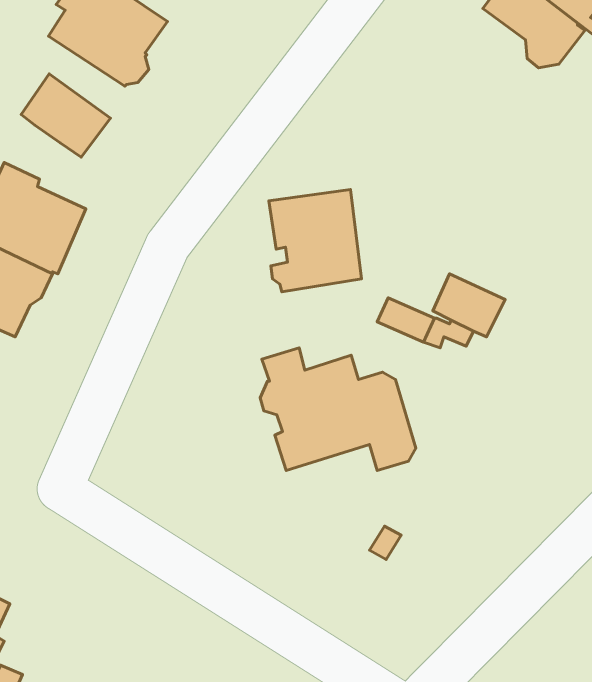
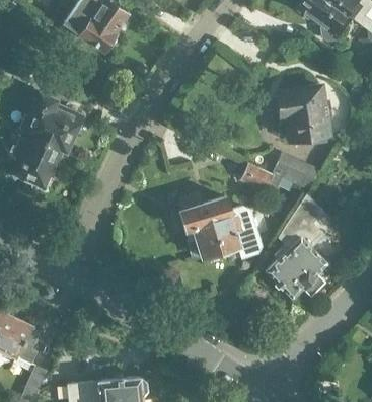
building: [21,74,111,157] -> none
building: [269,190,362,292] -> [277,84,327,140]
building: none -> [265,192,326,298]

